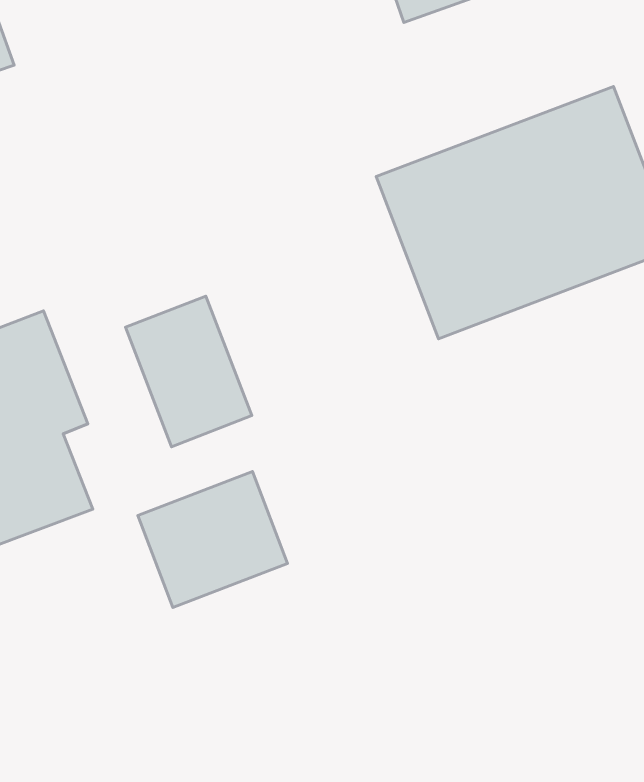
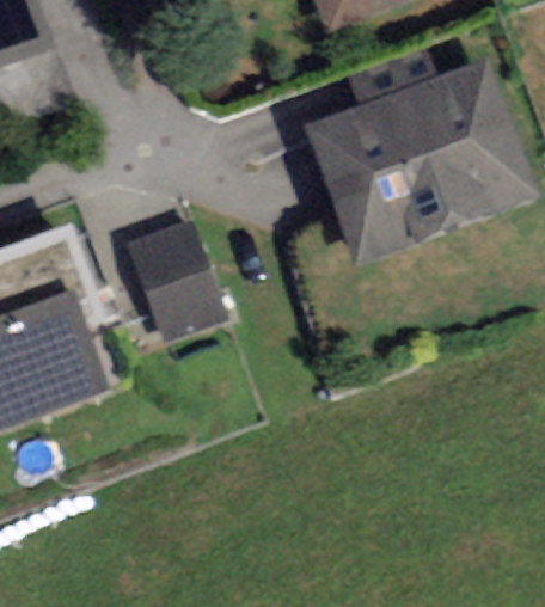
building: [138,472,288,608] -> none

